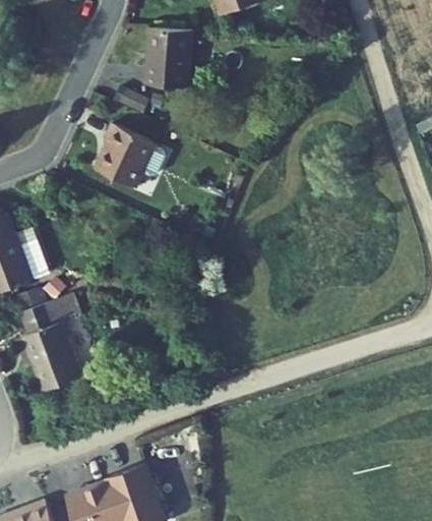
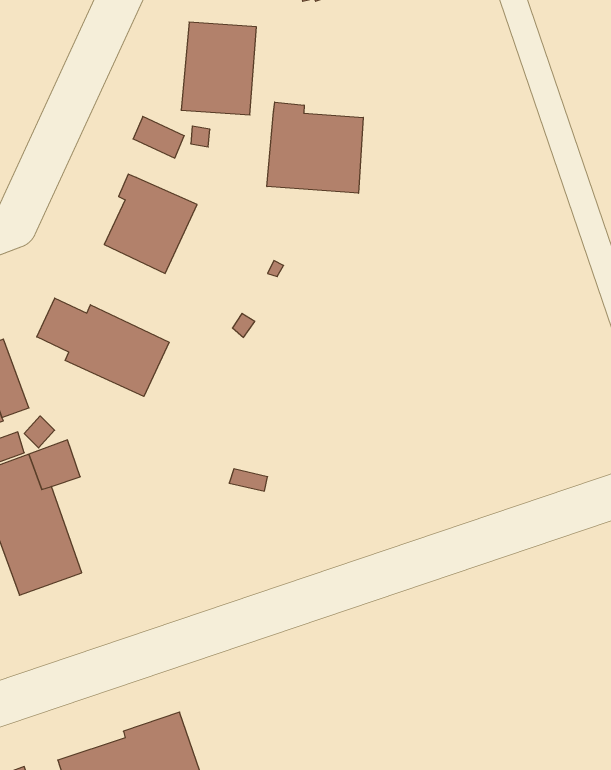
building: none -> [267,102,363,193]
building: none -> [37,298,169,396]

